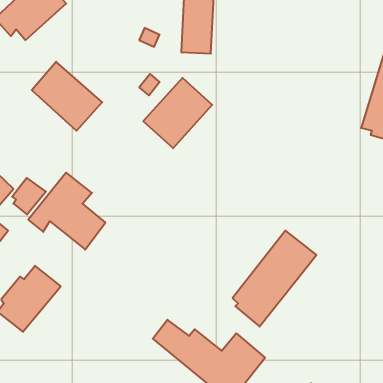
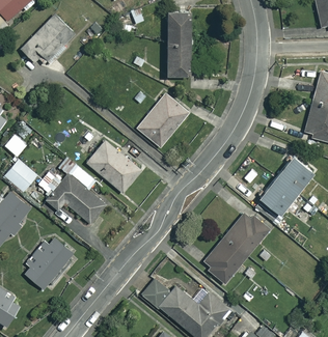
building: [32,62,102,131] -> [87,140,141,193]
building: none -> [258,155,313,213]

